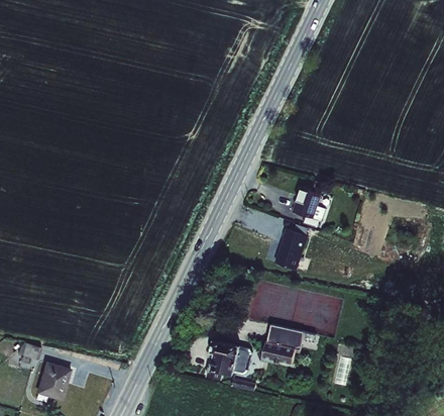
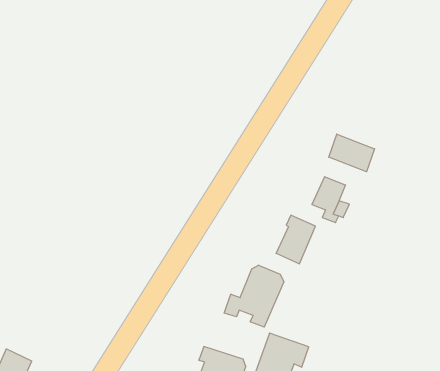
building: none -> [329,134,375,172]
building: none -> [224,265,284,327]

